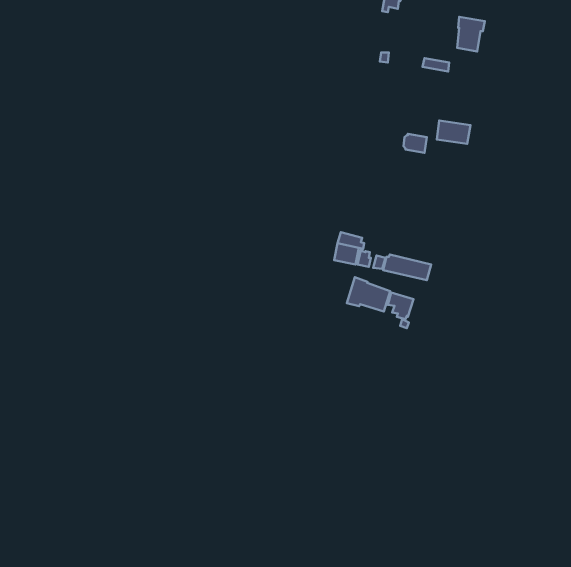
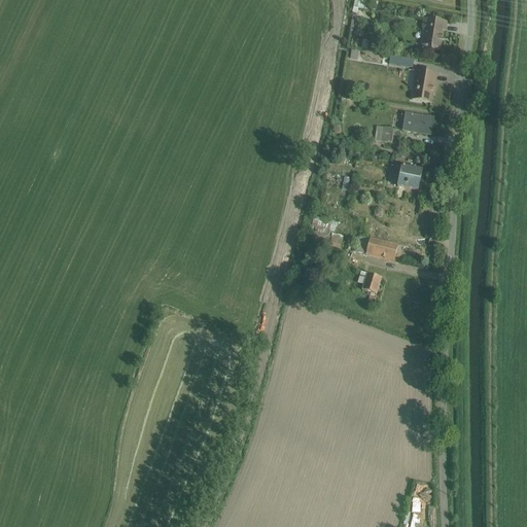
building: none -> [411,68,436,101]
building: none -> [396,164,422,188]
building: [347,277,390,311] -> none

